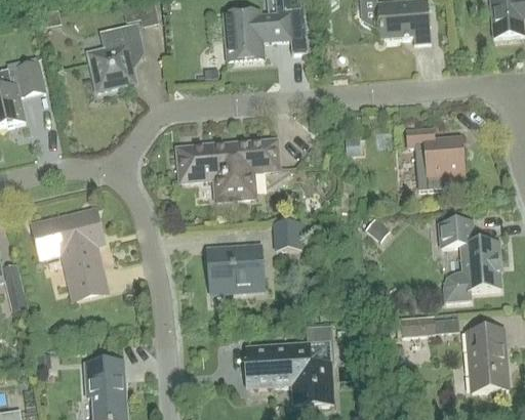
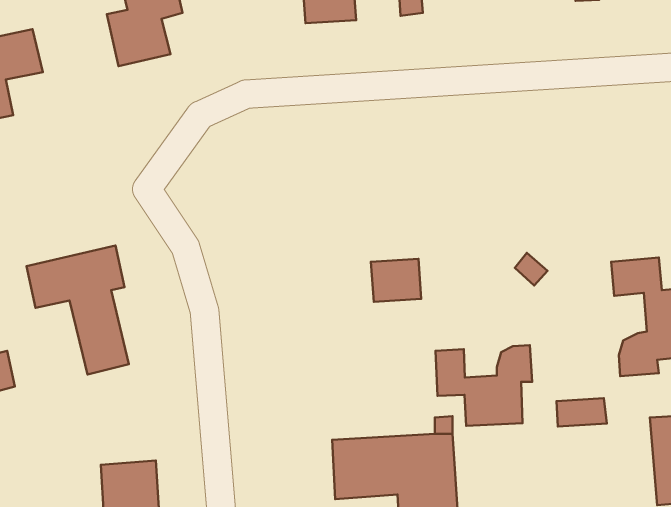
building: [405,127,463,190] -> none
building: [178,140,277,198] -> none
building: [207,245,262,291] -> none
building: none -> [435,345,532,426]

